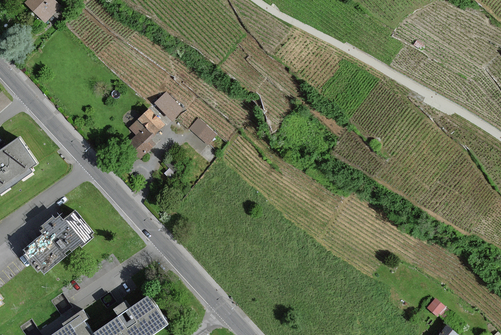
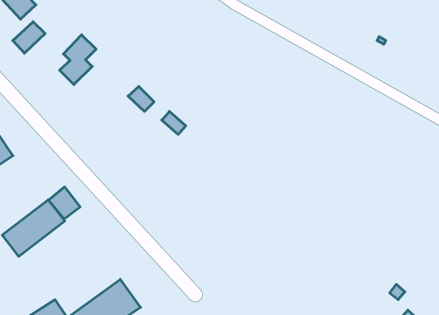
building: none -> [13,22,45,53]
building: [125,109,163,161] -> [60,35,96,85]
building: none -> [49,187,80,219]

